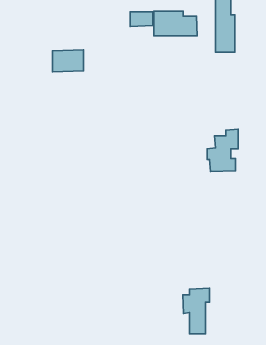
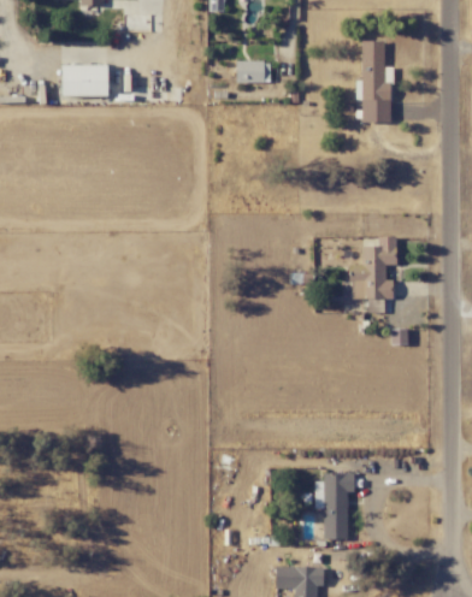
building: [154,11,197,36] -> none
building: [53,50,83,72] -> [61,65,107,97]

